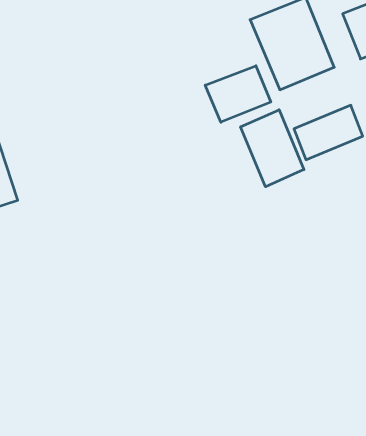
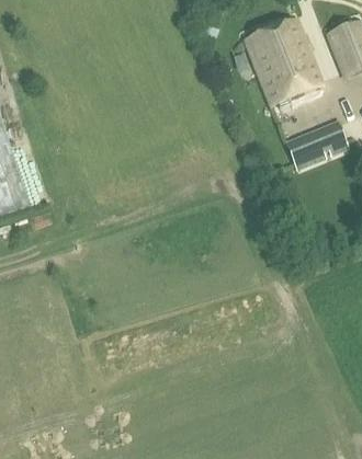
building: [205,66,271,122] -> none
building: [241,110,304,187] -> none

